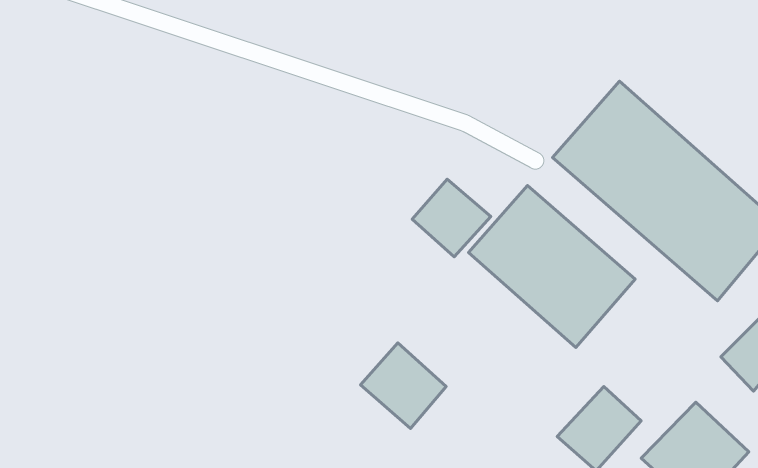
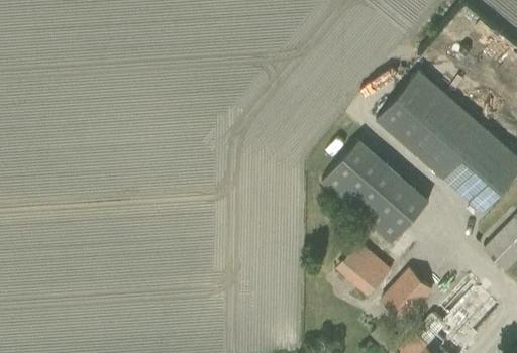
building: [412,179,491,257] -> none
building: [361,343,446,428] -> [335,242,391,298]

